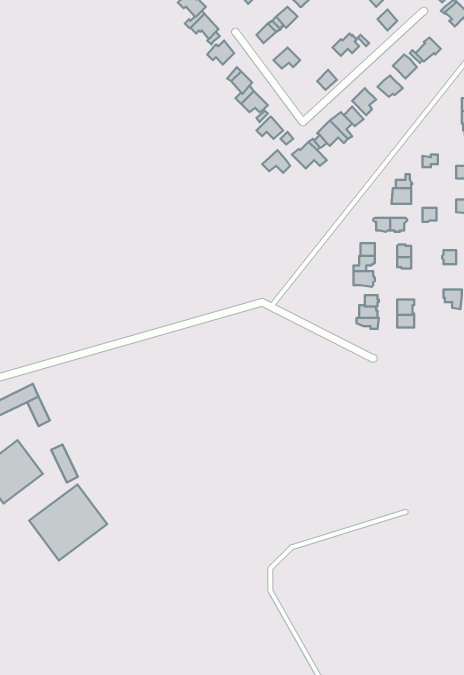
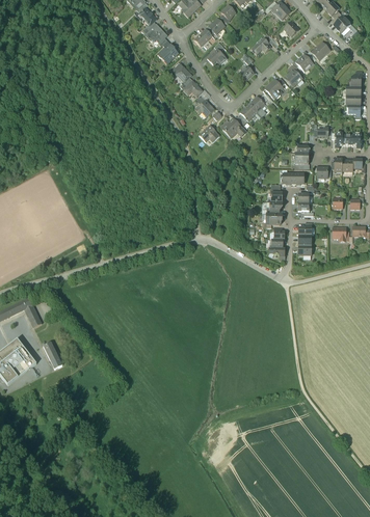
building: [29,484,107,560] -> none

